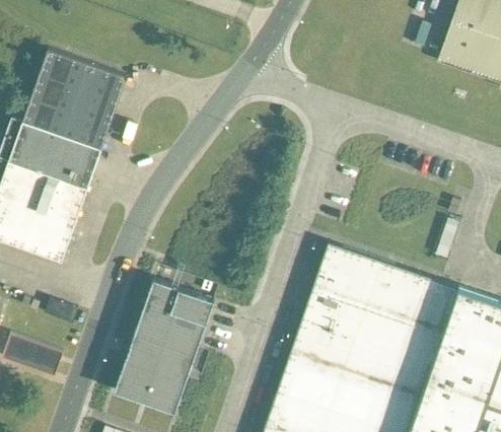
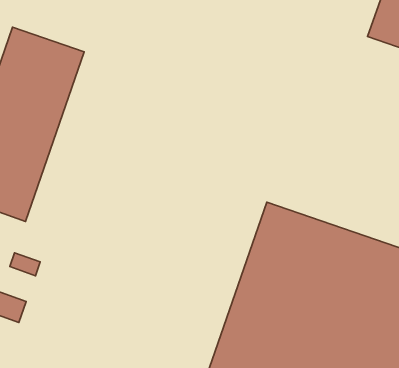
building: [115,280,215,414] -> none

